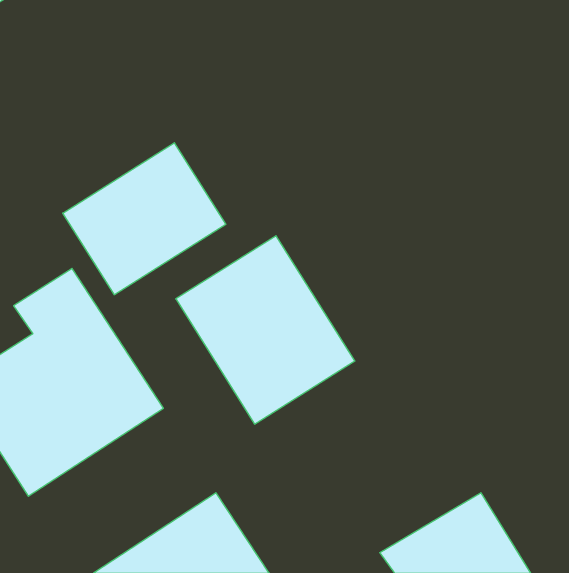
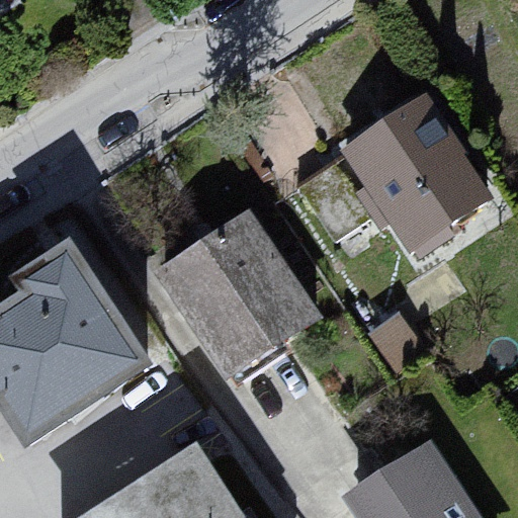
building: none -> [344,99,487,251]
building: [63,143,226,295] -> none

